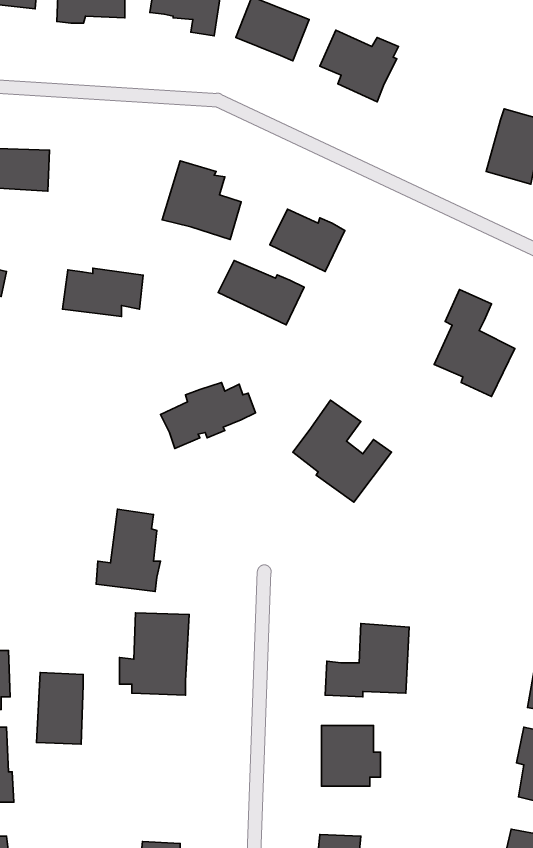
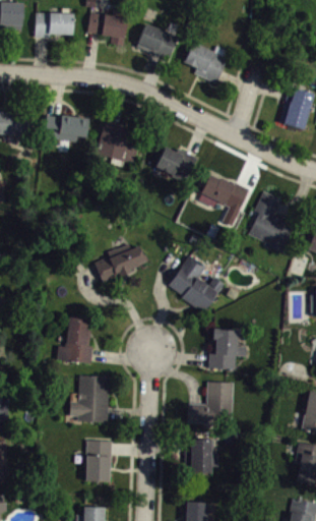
building: [218,260,304,325] -> [201,174,250,211]
building: [63,268,143,316] -> [44,114,89,141]
building: none -> [208,329,247,369]
building: [36,673,83,744] -> [85,442,112,482]

